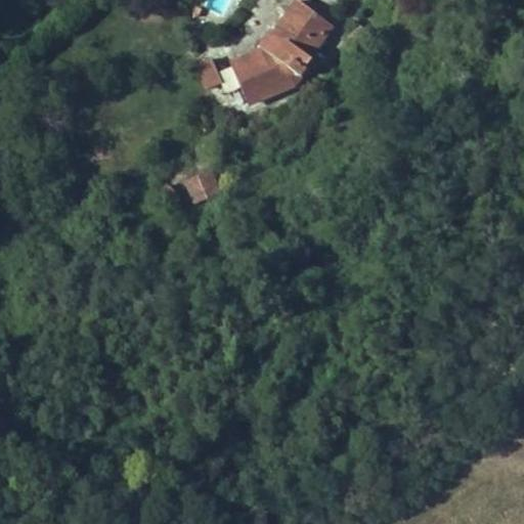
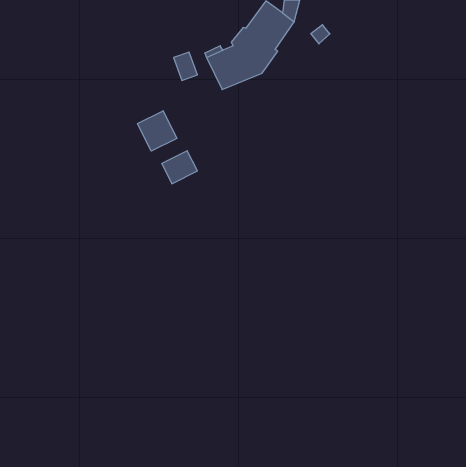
building: none -> [138,111,177,151]

